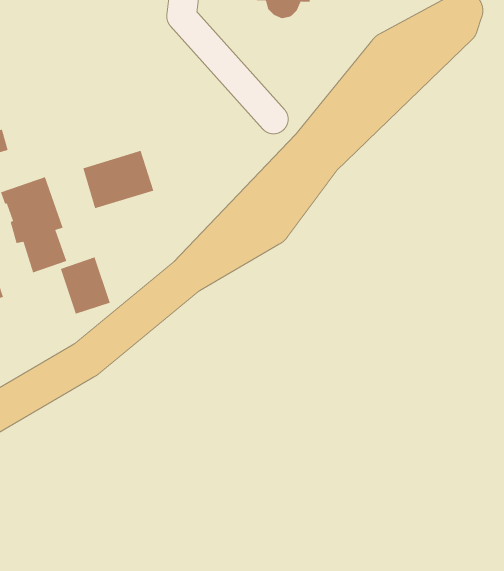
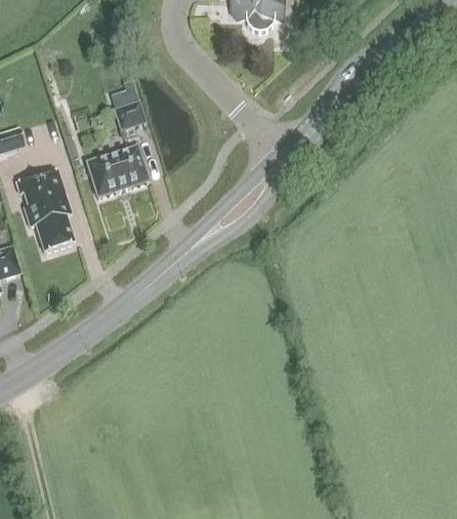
building: none -> [114,94,146,129]
building: [60,257,111,314] -> none

